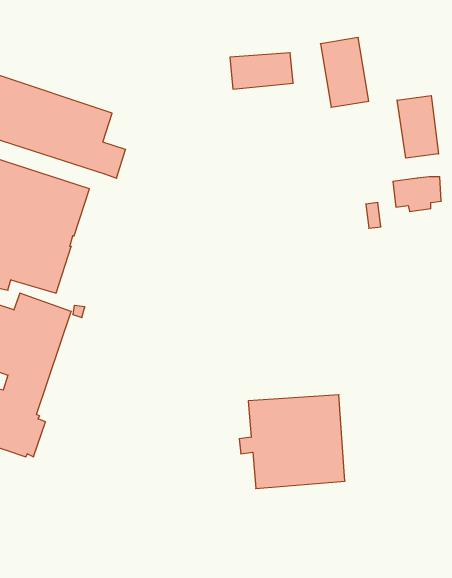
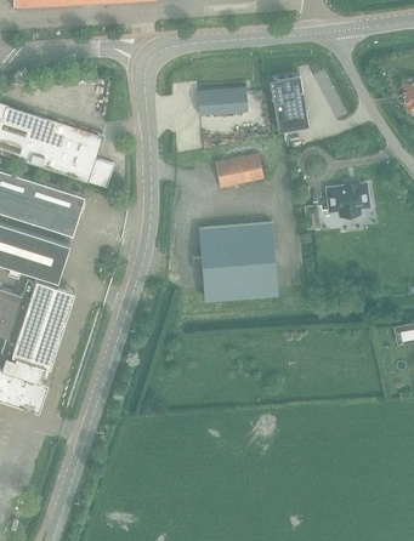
building: [397,96,439,158] -> none
building: none -> [215,153,263,187]
building: [239,395,345,489] -> [192,223,277,298]

